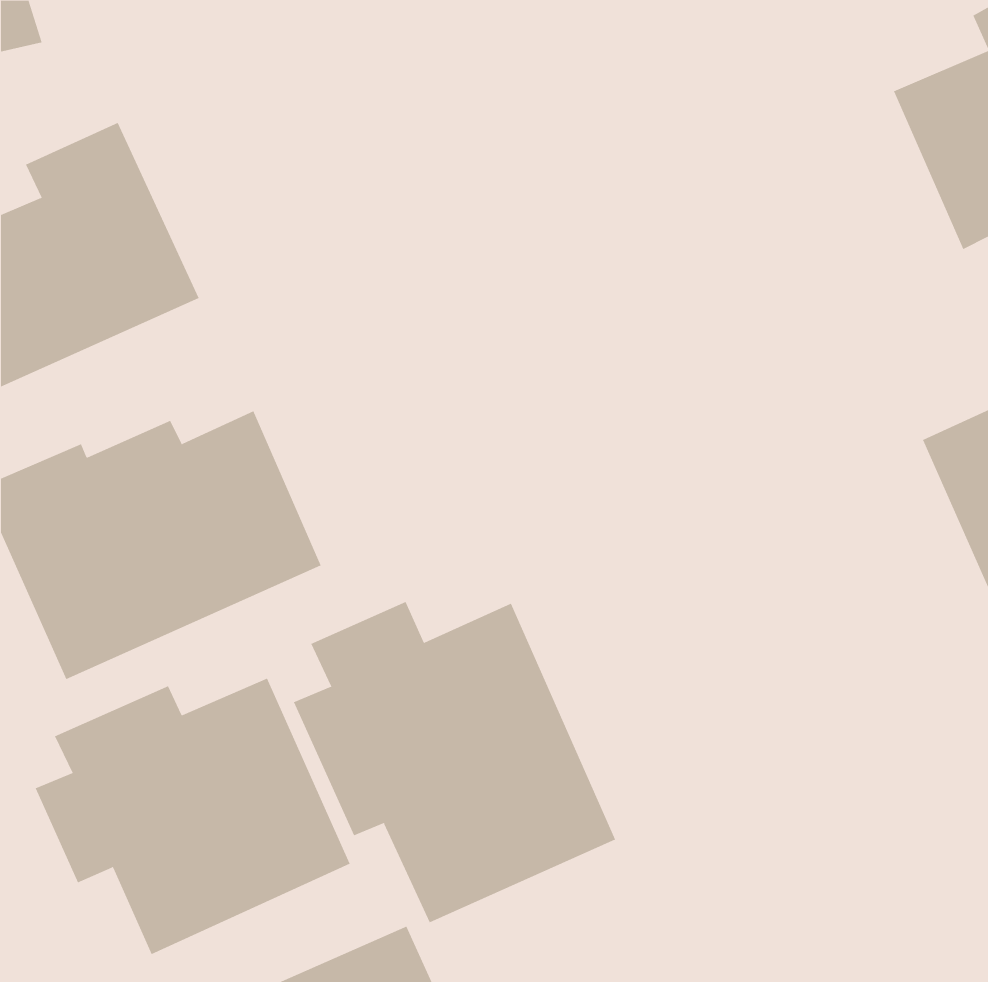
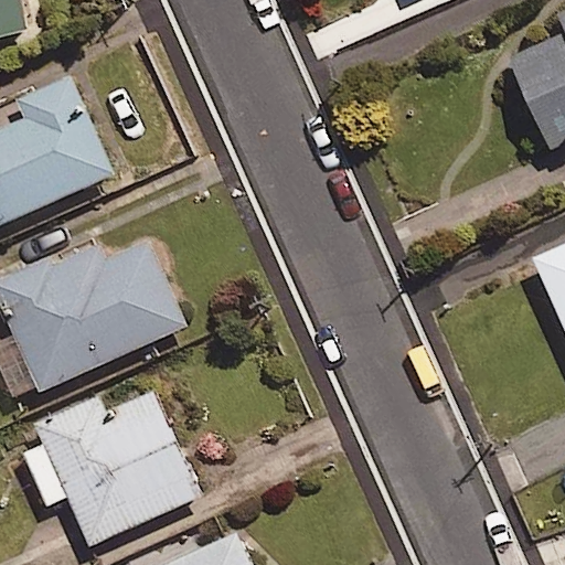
building: [293,601,616,923] -> none

